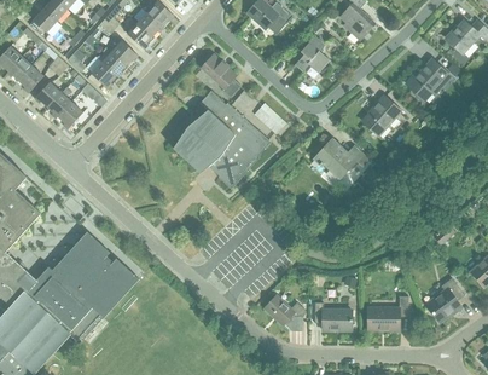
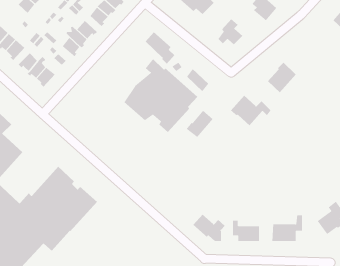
building: [406,60,449,100] -> none
building: none -> [186,110,214,138]

